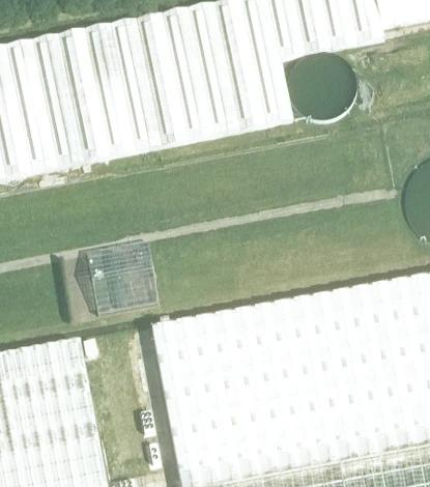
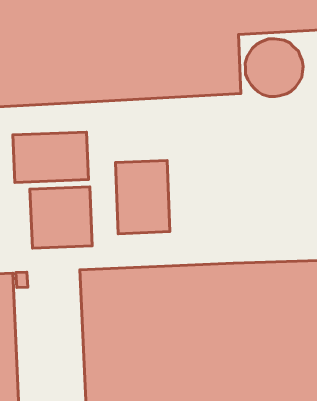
building: none -> [13,132,88,182]
building: none -> [115,160,170,234]

